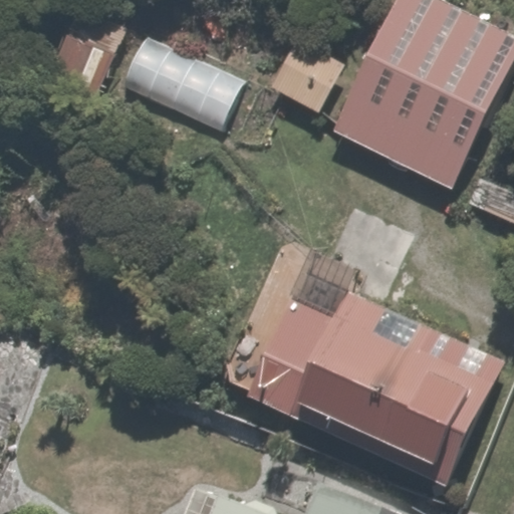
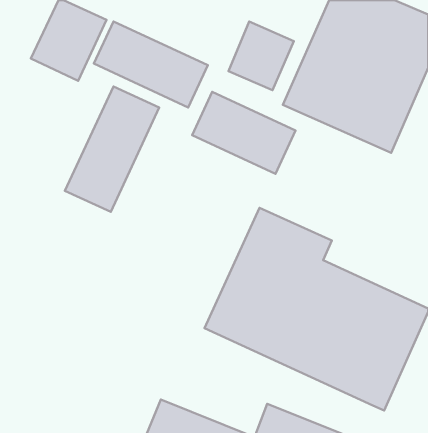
building: none -> [65,86,159,212]
building: none -> [192,92,295,174]

